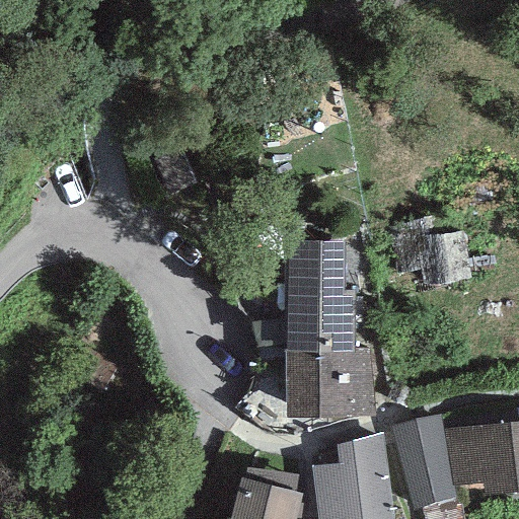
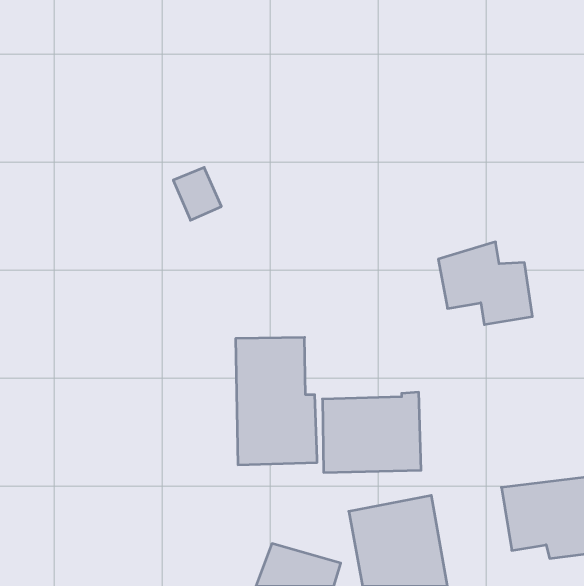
building: [285,240,357,353] -> [236,337,317,465]
building: [393,416,457,508] -> none

